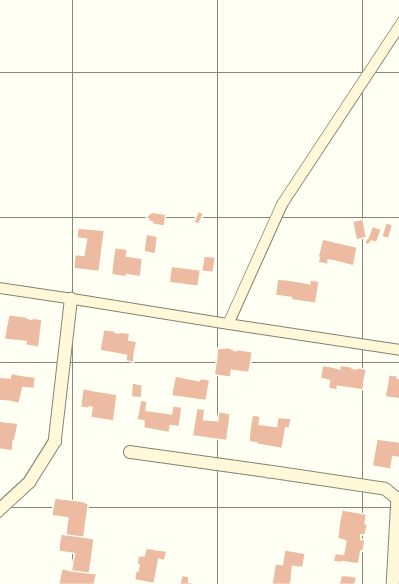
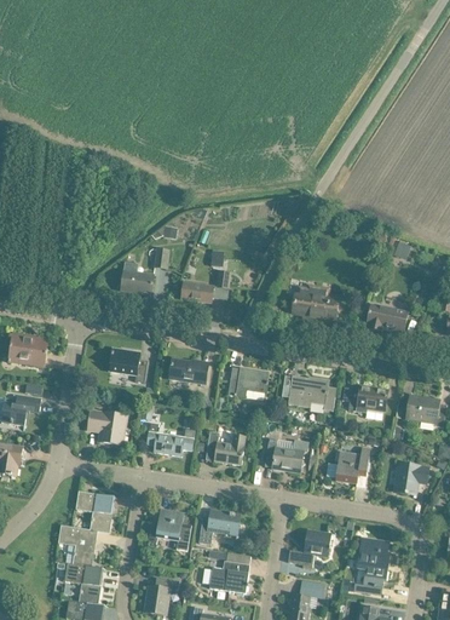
building: [74,228,104,272] -> none
building: [318,239,357,266] -> [365,303,406,331]
building: none -> [281,374,335,409]
building: [172,376,210,400] -> [168,357,208,383]
building: none -> [325,447,369,486]
building: none -> [75,490,116,533]
building: none -> [148,509,191,550]
building: none -> [198,509,240,544]
building: none -> [287,528,330,568]
building: none -> [202,559,249,592]

